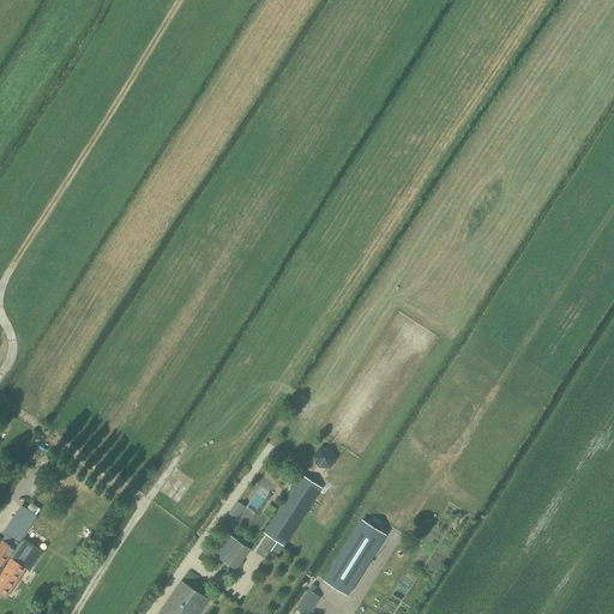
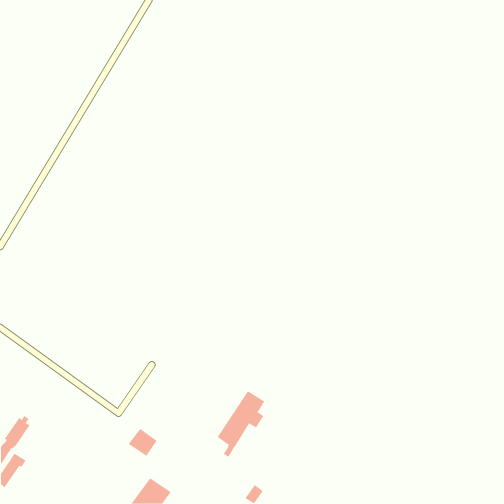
building: [324,519,386,596] -> none
building: [213,534,249,568] -> [128,428,158,457]

